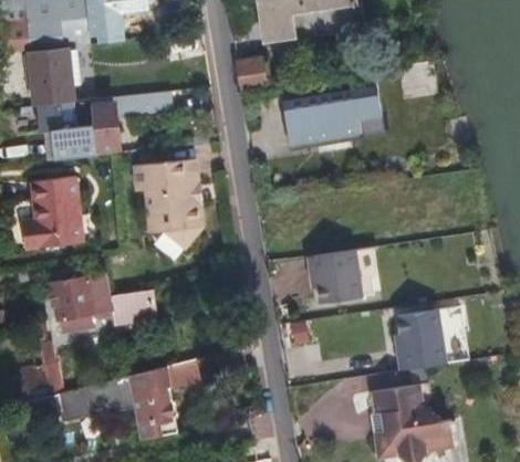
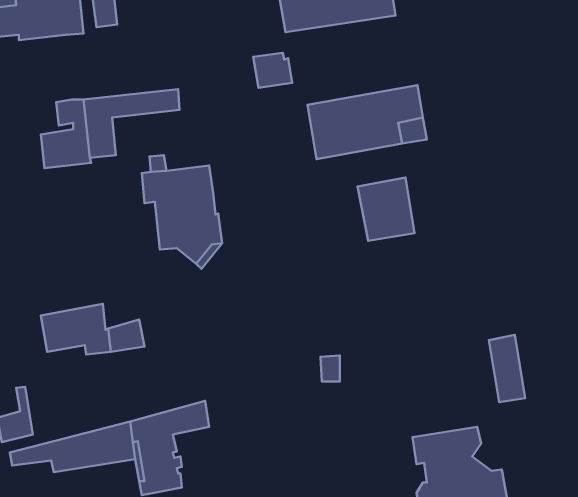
building: [28,46,80,107] -> none
building: [23,178,82,250] -> none
building: [311,249,360,303] -> [358,177,415,241]
building: [394,307,445,368] -> none

